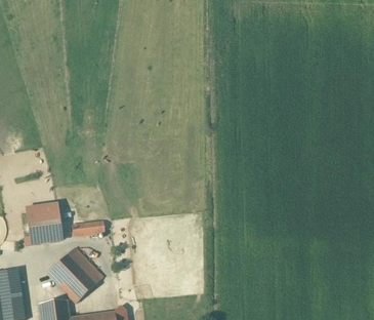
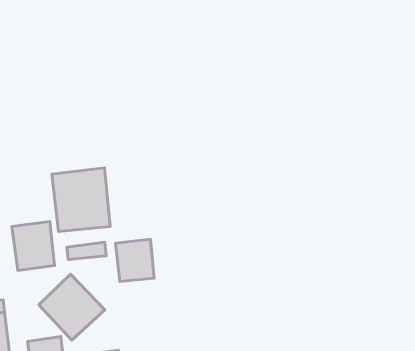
building: none -> [52,168,110,232]
building: none -> [116,239,154,281]

